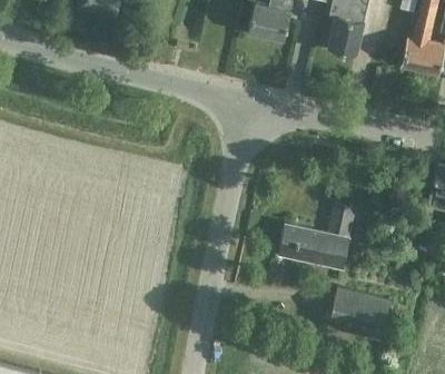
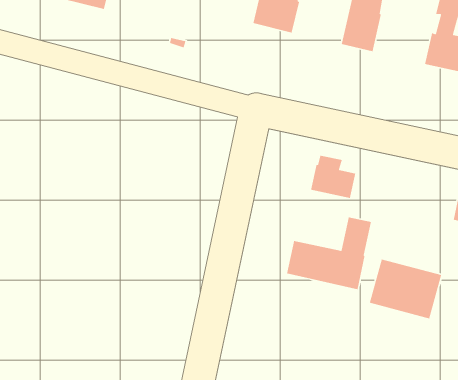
building: none -> [310,155,356,199]
building: [327,287,393,342] -> [369,258,442,319]

